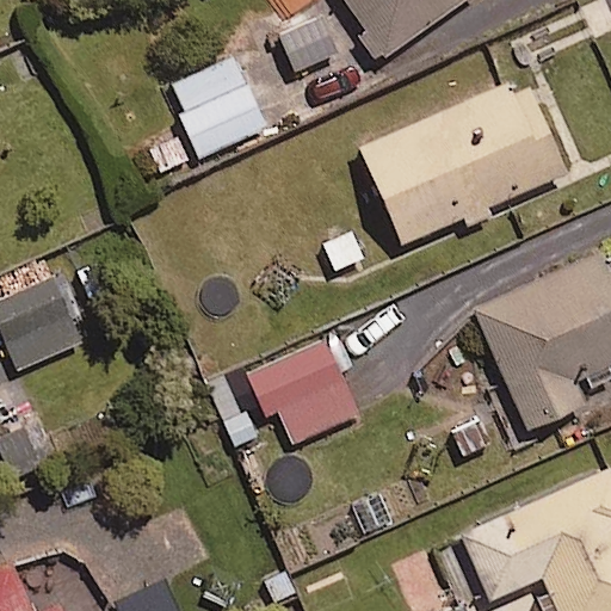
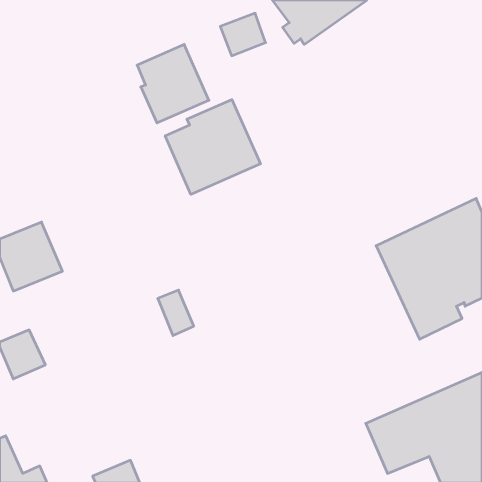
building: [362,86,566,242] -> none
building: none -> [165,100,260,194]
building: [248,340,356,443] -> none

